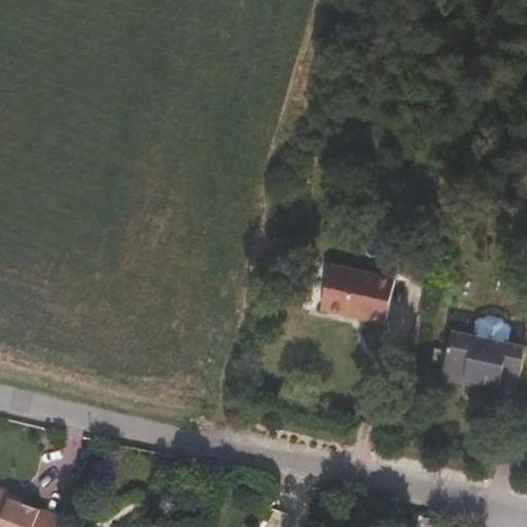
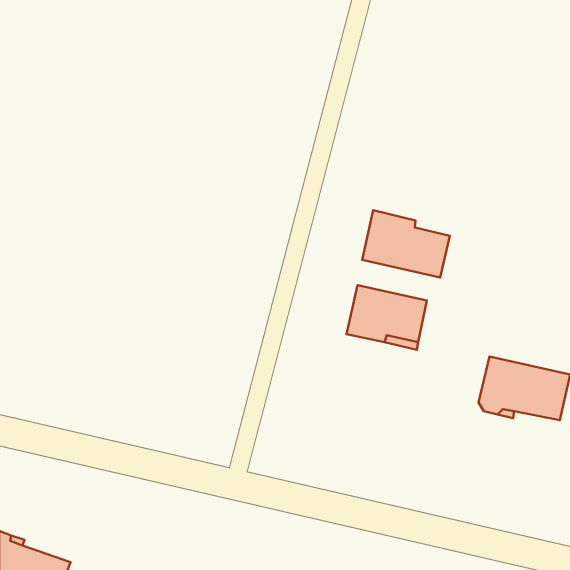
building: none -> [362,210,450,277]

